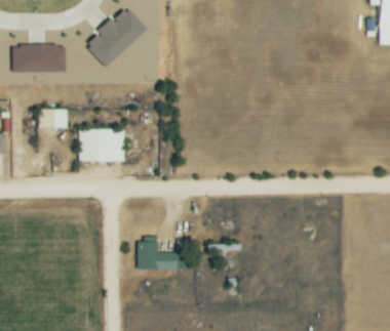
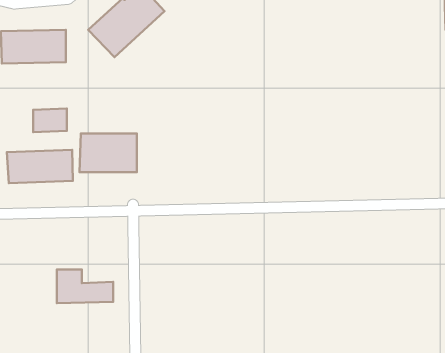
building: none -> [7,150,73,183]
building: [138,242,184,270] -> [57,269,113,303]

